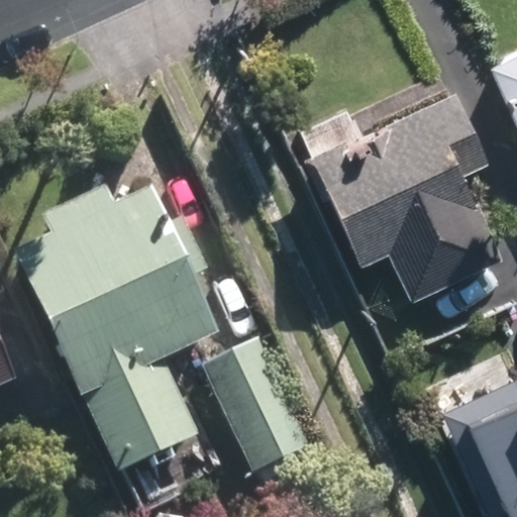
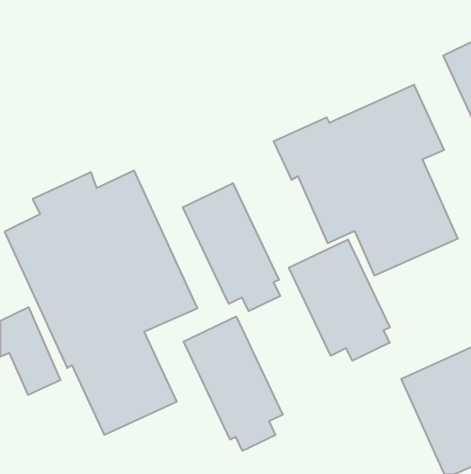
building: none -> [183,183,280,311]
building: none -> [289,239,390,361]

